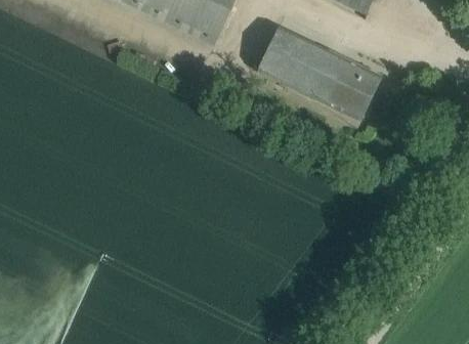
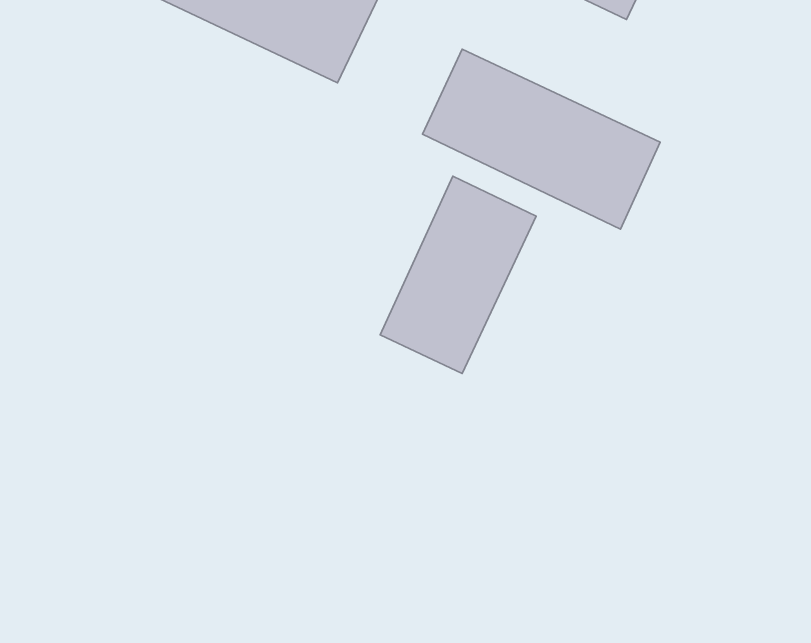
building: none -> [380,176,536,373]

